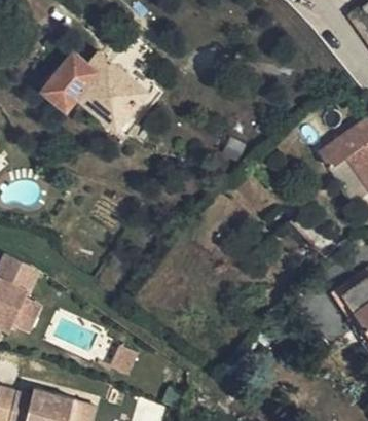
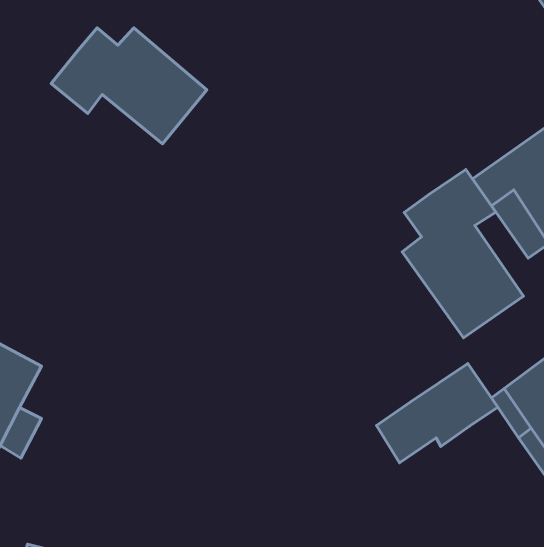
building: none -> [402,169,523,338]
building: none -> [376,363,498,463]

